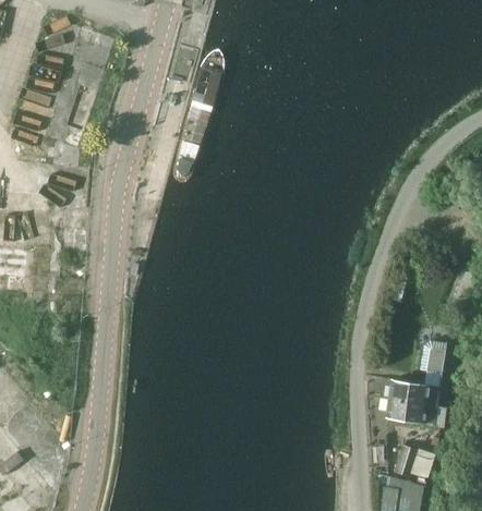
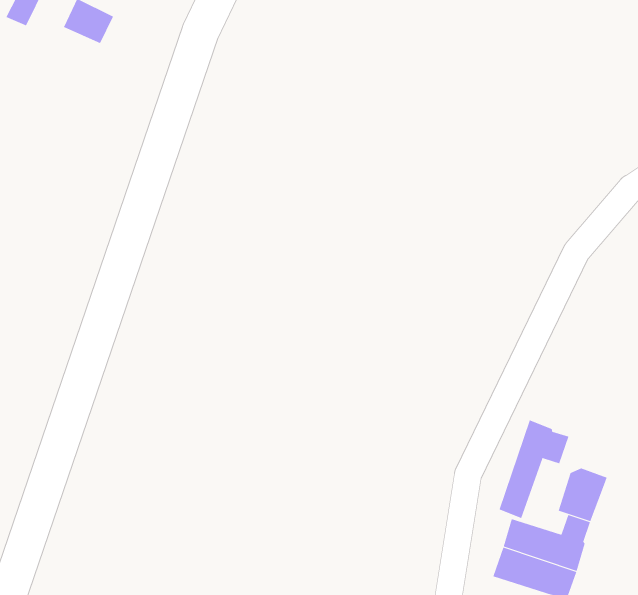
building: none -> [499,420,569,519]

